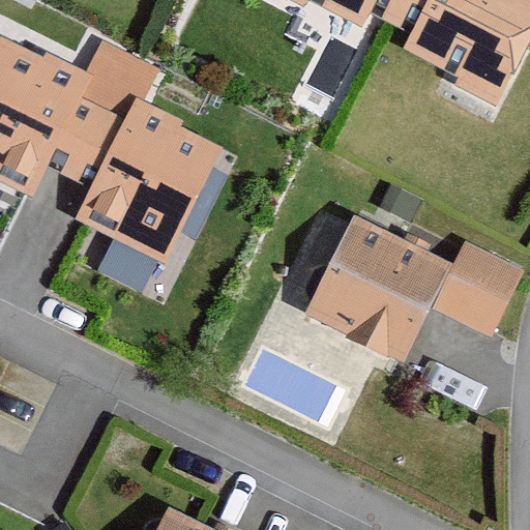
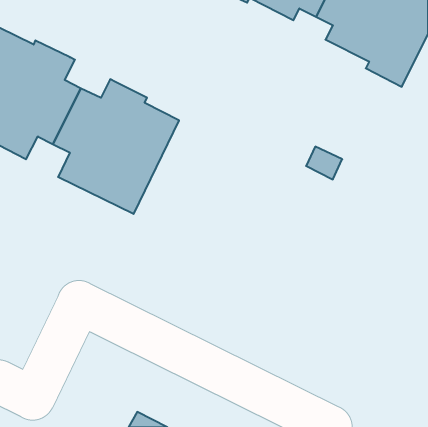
building: [80,36,159,120] -> none
building: [303,213,522,361] -> none

